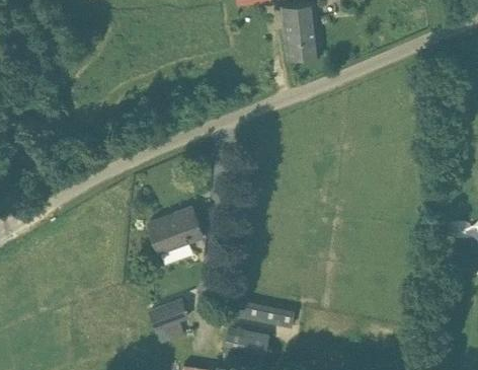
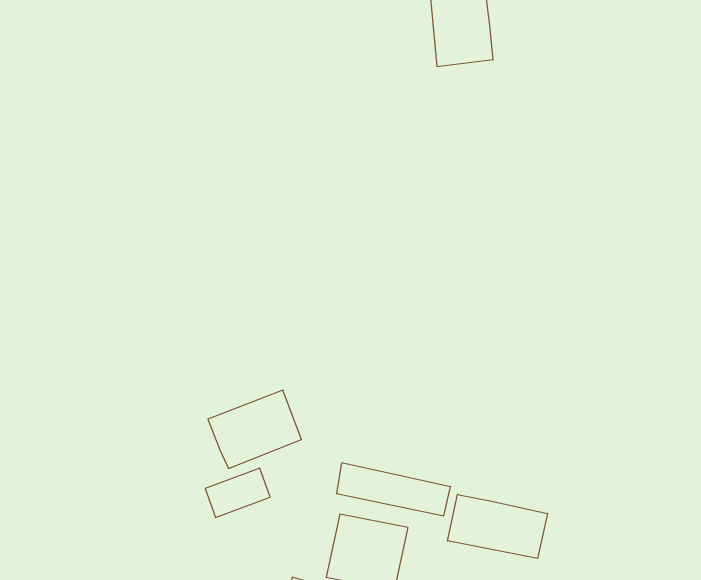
building: [146,207,202,253] -> [208,390,302,468]
building: none -> [447,494,548,558]

